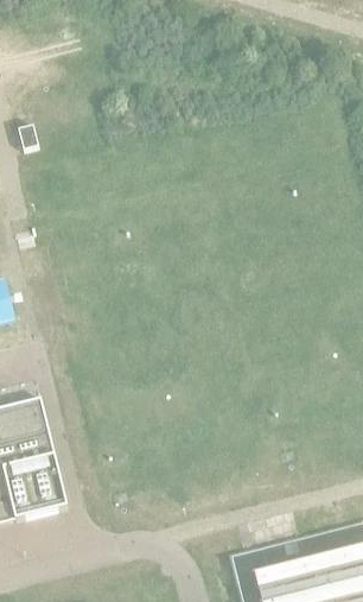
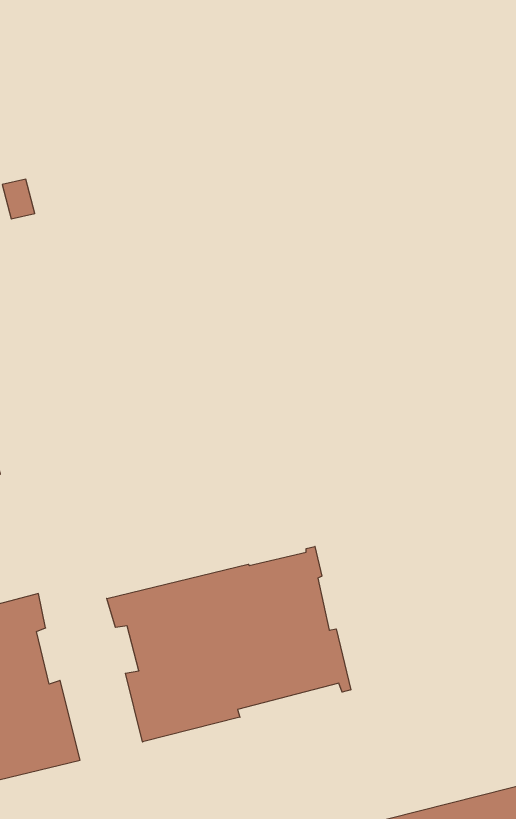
building: none -> [107,546,351,742]

